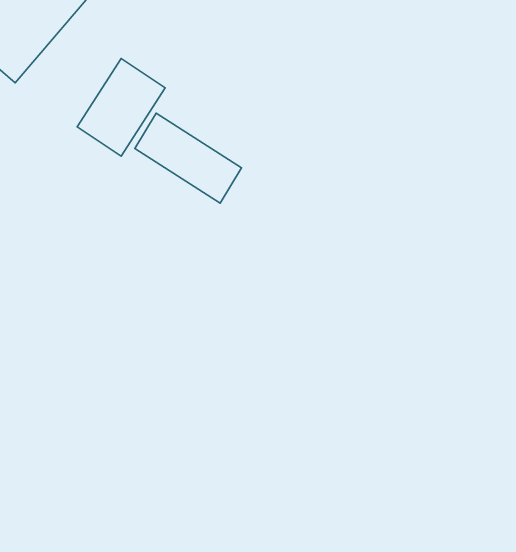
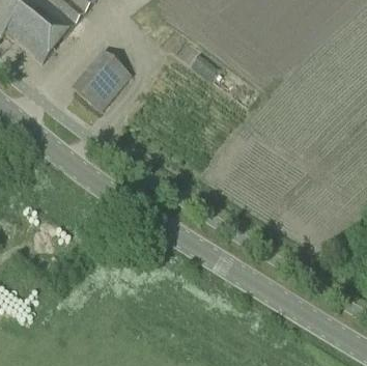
building: [135,113,241,203] -> none

